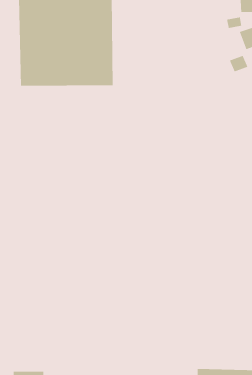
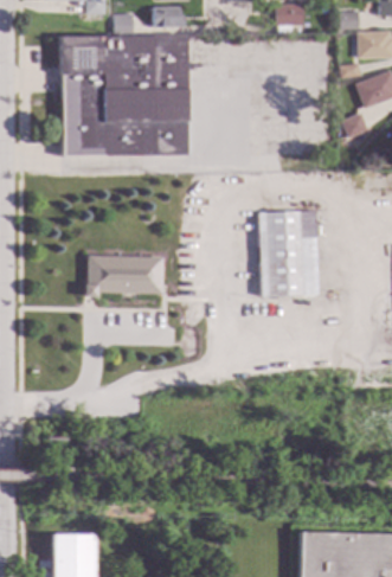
building: none -> [258,210,319,296]
building: none -> [85,254,163,295]

